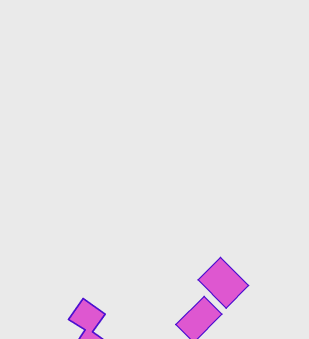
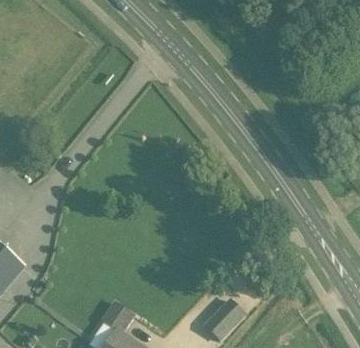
building: [198,257,249,308] -> none

